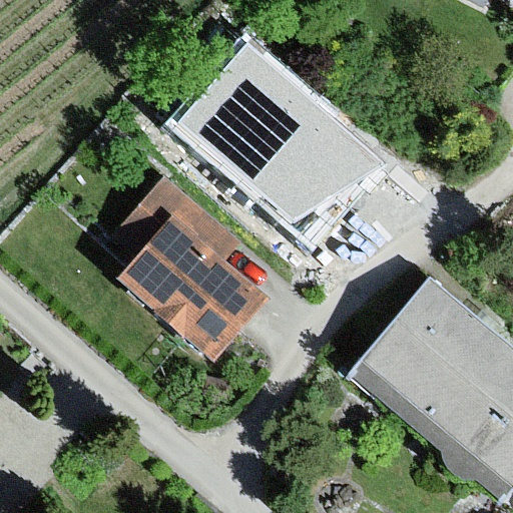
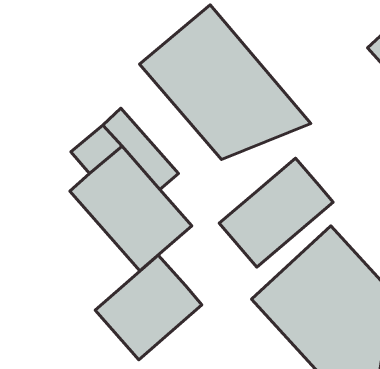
building: none -> [219,158,333,267]
building: none -> [95,255,202,360]

